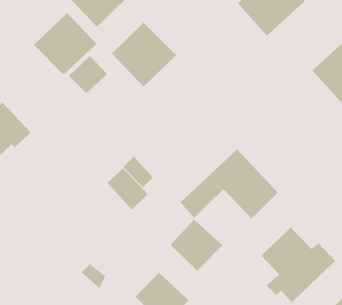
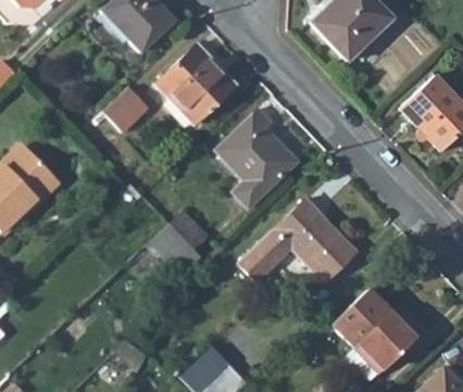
building: [33,12,97,76] -> none
building: none -> [220,110,297,207]
building: [170,219,223,271] -> none

